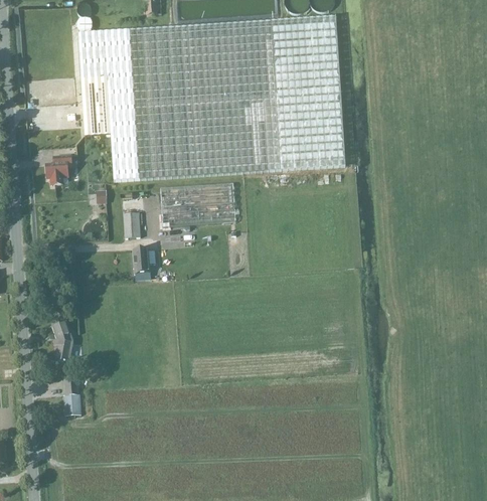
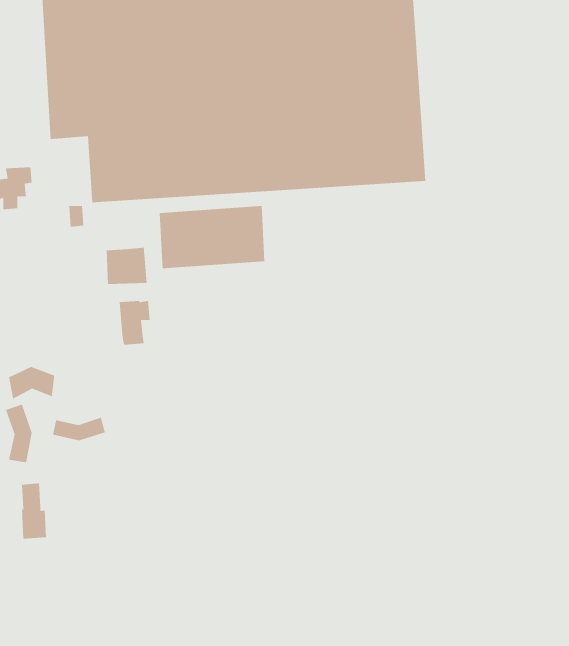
building: none -> [8,366,55,399]
building: none -> [53,417,106,441]

